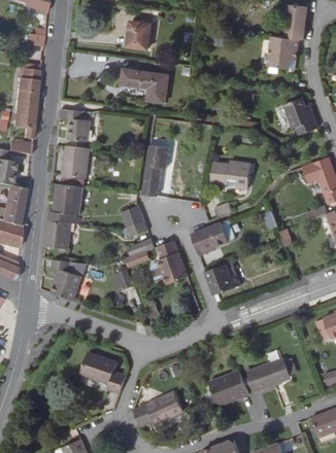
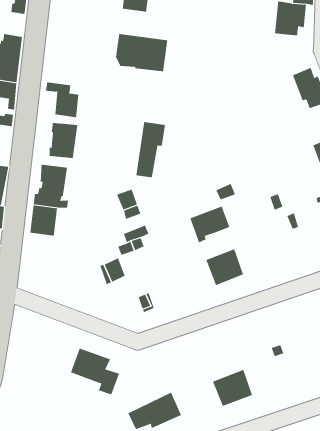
building: [212,161,254,189] -> none
building: [152,241,189,284] -> none
building: [52,260,81,301] -> none
building: [246,357,293,392] -> none

